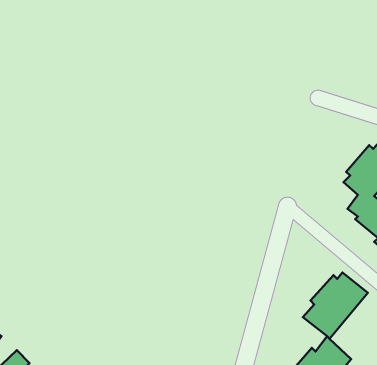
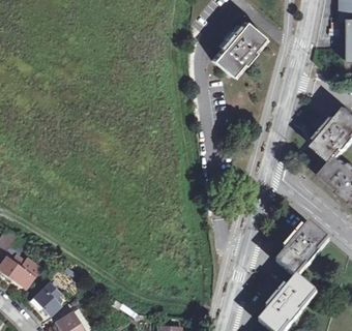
building: none -> [213,18,267,76]

